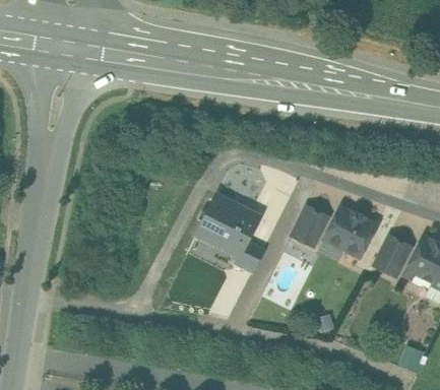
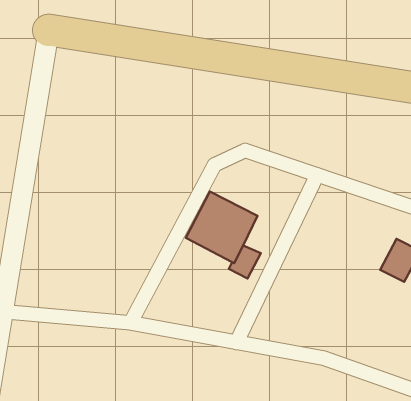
building: [291,206,327,247] -> none
building: [323,208,375,257] -> none

